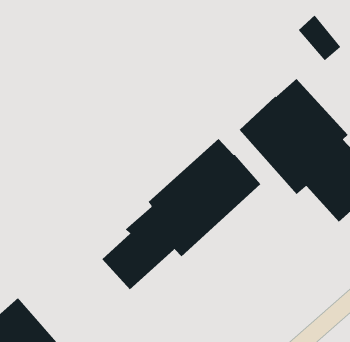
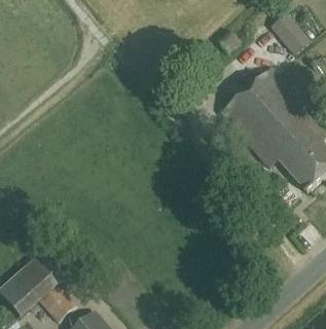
building: [101,138,261,290] -> none

